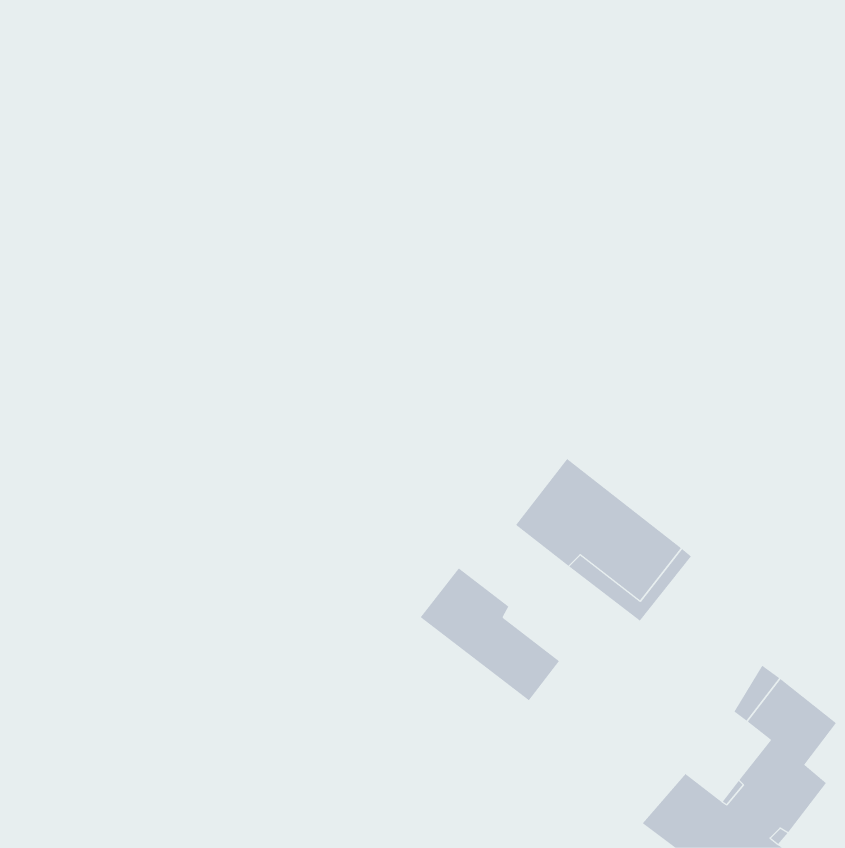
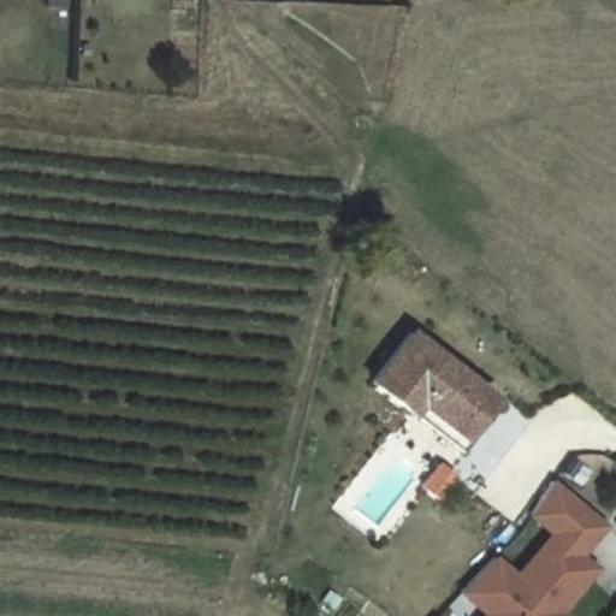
building: [420,567,560,701] -> none

